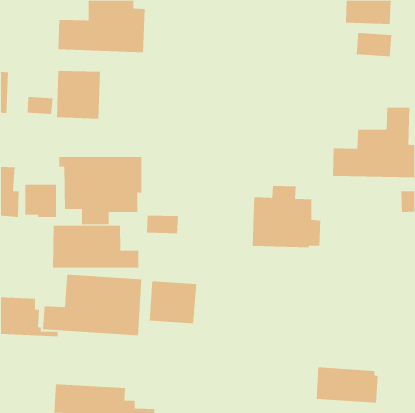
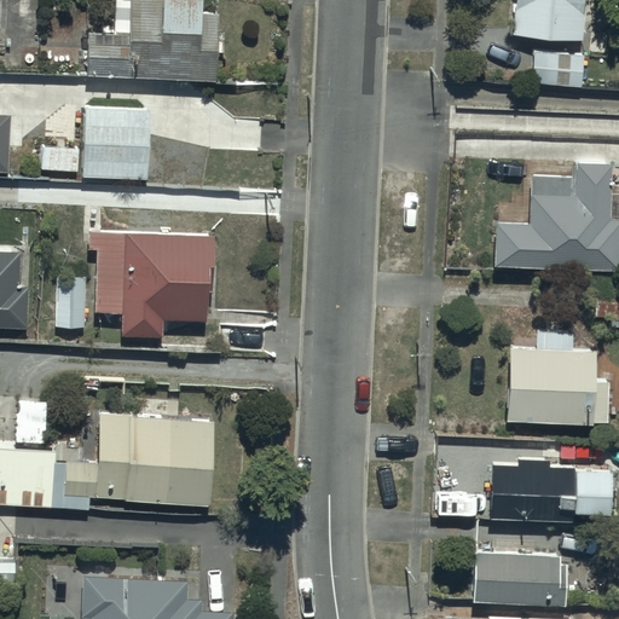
building: [252,185,321,248] -> [505,330,608,423]
building: [53,225,139,268] -> none
building: [149,280,197,324] -> none
building: none -> [492,461,612,523]

